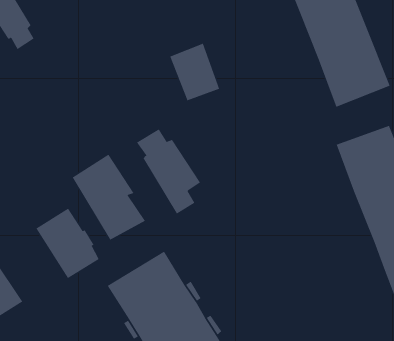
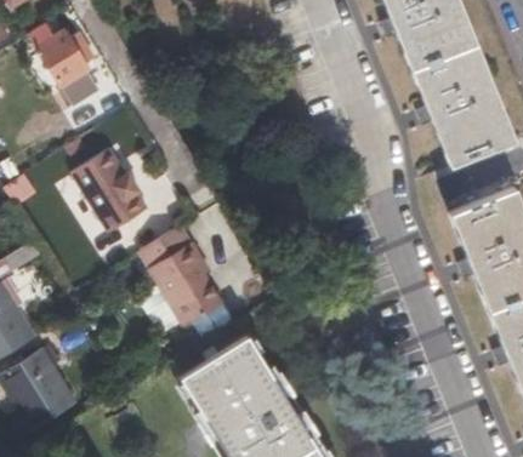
building: [170,43,220,101] -> none
building: [136,129,201,214] -> none
building: [36,208,100,279] -> [70,149,146,233]

